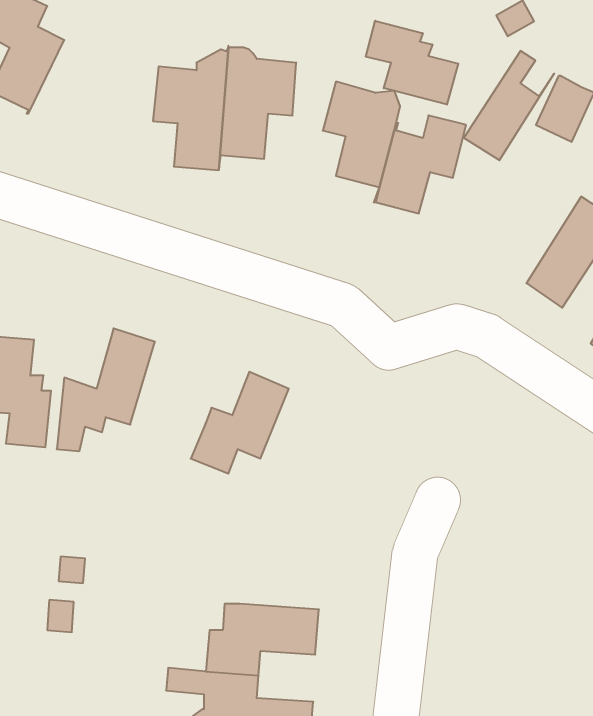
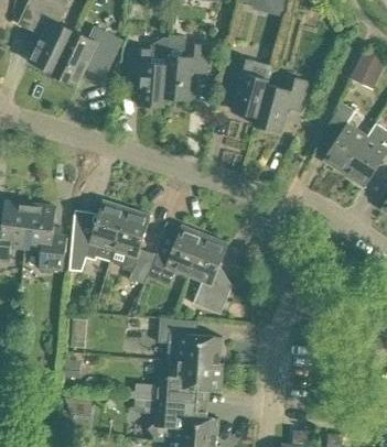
building: [366,21,458,105] -> none
building: none -> [53,25,123,85]
building: [464,51,554,160] -> [323,109,376,173]
building: none -> [112,207,157,284]
building: none -> [189,235,233,314]
building: none -> [159,318,223,363]

